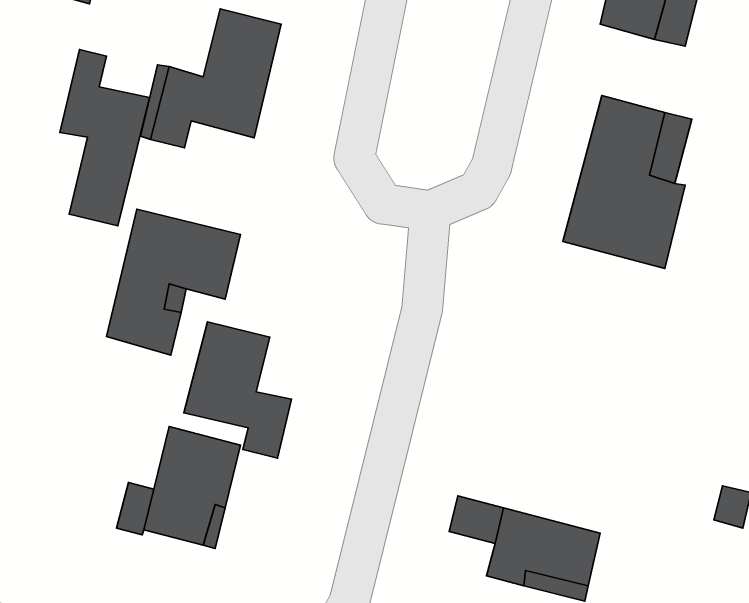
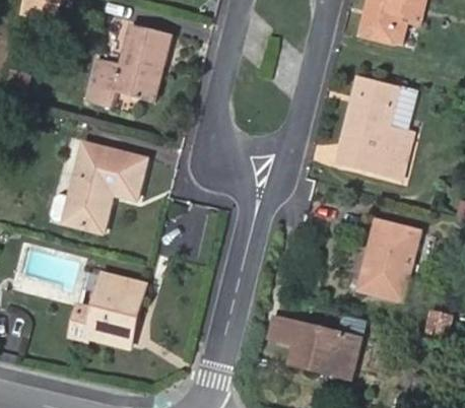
building: [60,50,150,226] -> none
building: [184,322,292,458] -> none
building: none -> [359,221,418,298]

